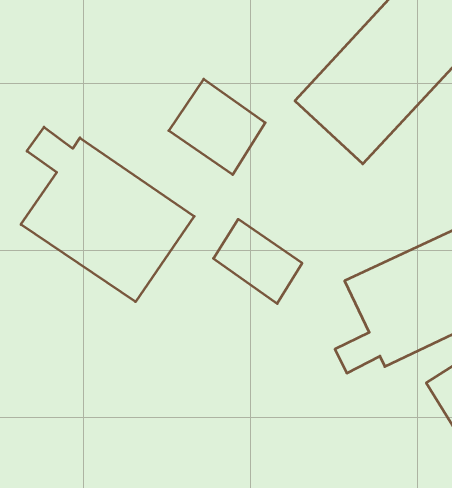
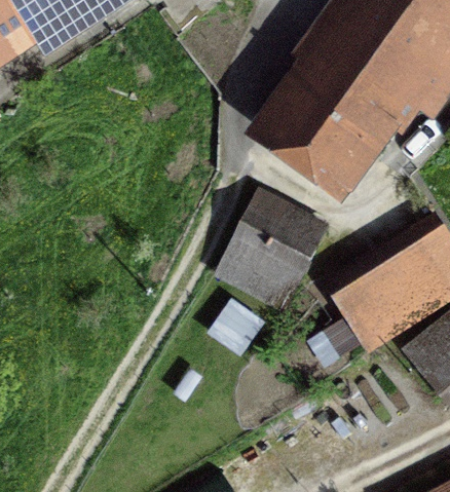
building: [169,79,265,175] -> [237,191,316,267]
building: [21,127,194,302] -> none

